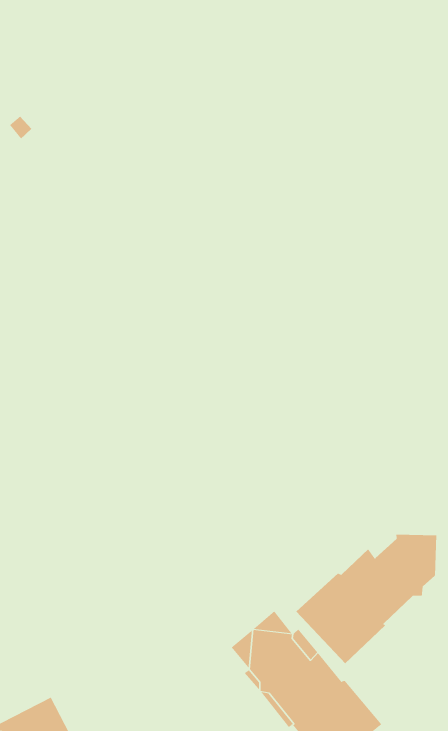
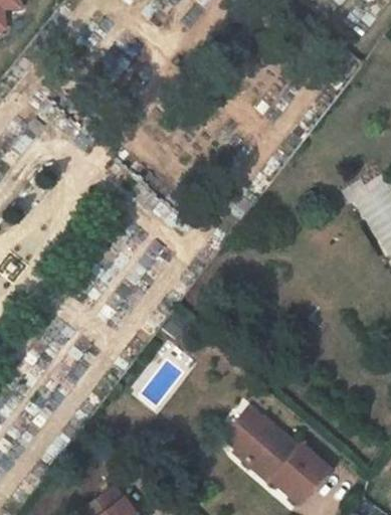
building: [296,534,437,664] -> none

